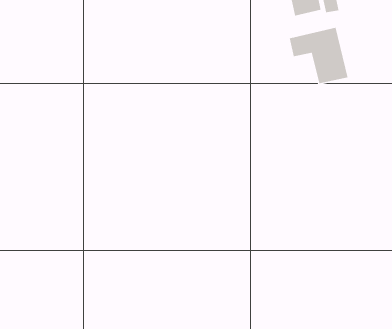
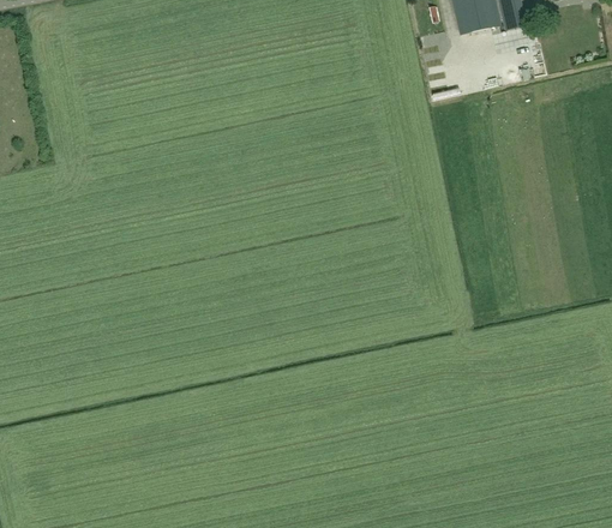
building: [289,27,349,84] -> none

